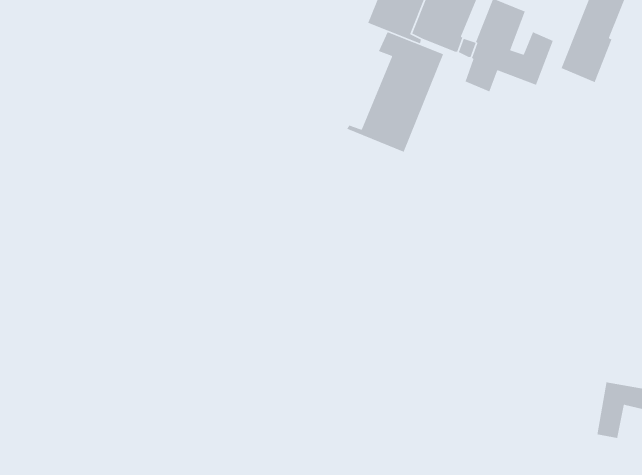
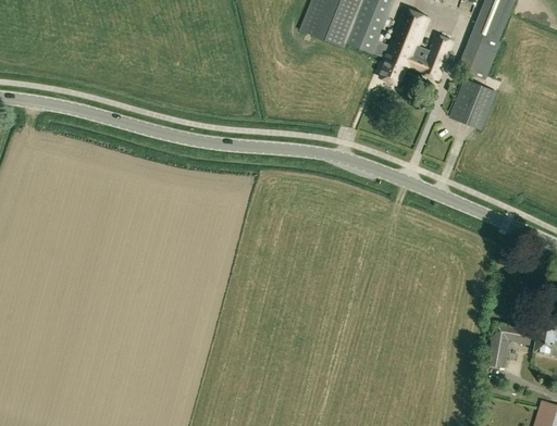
building: [346,31,444,153] -> none
building: none -> [450,80,496,129]

